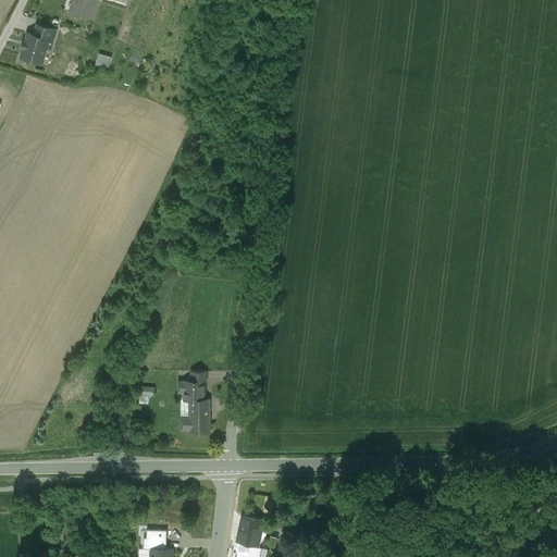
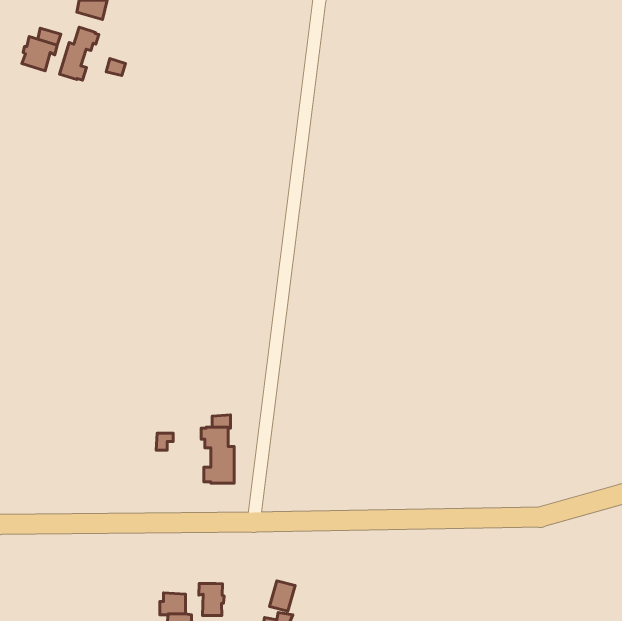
building: none -> [59,27,99,80]
building: none -> [199,584,224,616]

